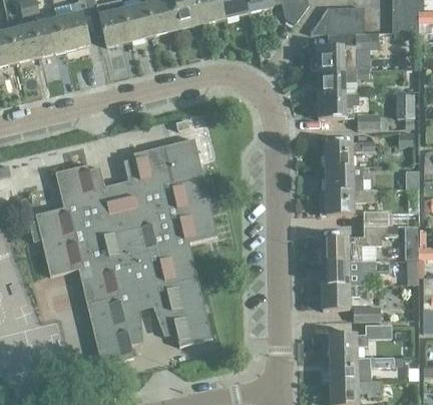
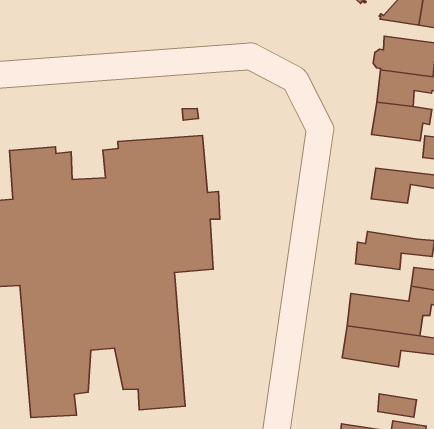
building: [325,164,363,189] -> none
building: [322,285,360,310] -> none

